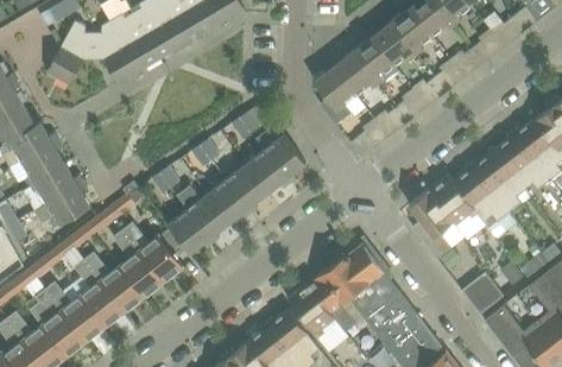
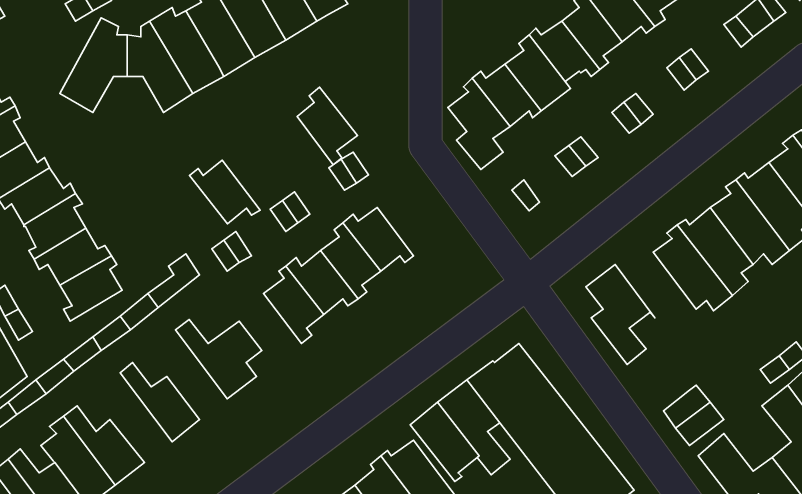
building: [265,129,307,183] -> [297,87,357,165]
building: [429,173,486,240] -> none
building: [164,209,213,253] -> [189,160,260,224]
building: [116,234,162,296] -> none
building: [77,264,124,325] -> none

